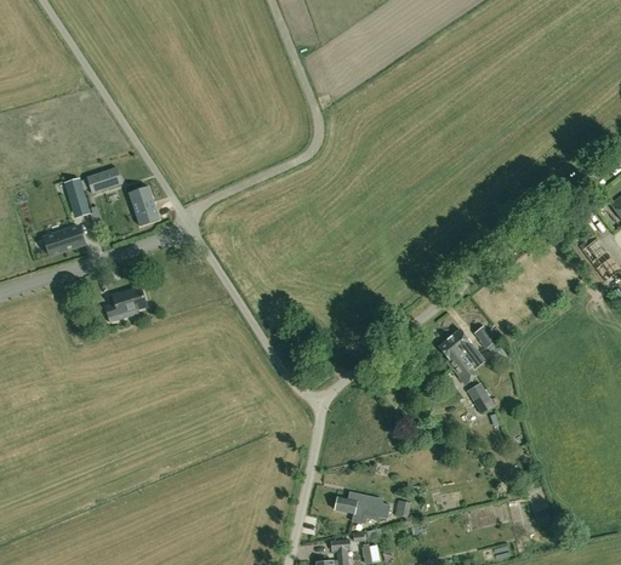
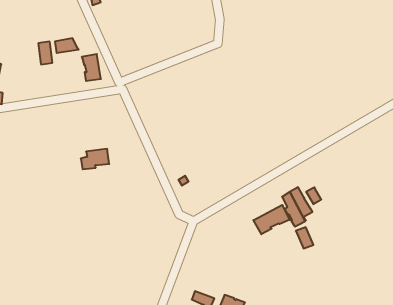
building: [42,226,84,256] -> none
building: [106,286,147,320] -> [81,149,109,169]
building: none -> [253,205,290,234]

